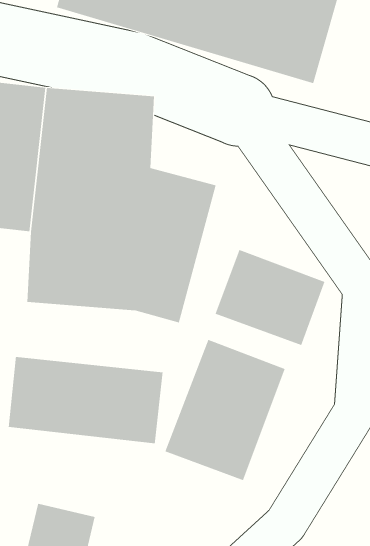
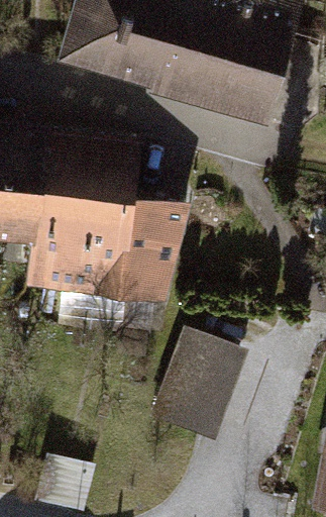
building: [215,249,325,346] -> none
building: [8,356,163,444] -> none

